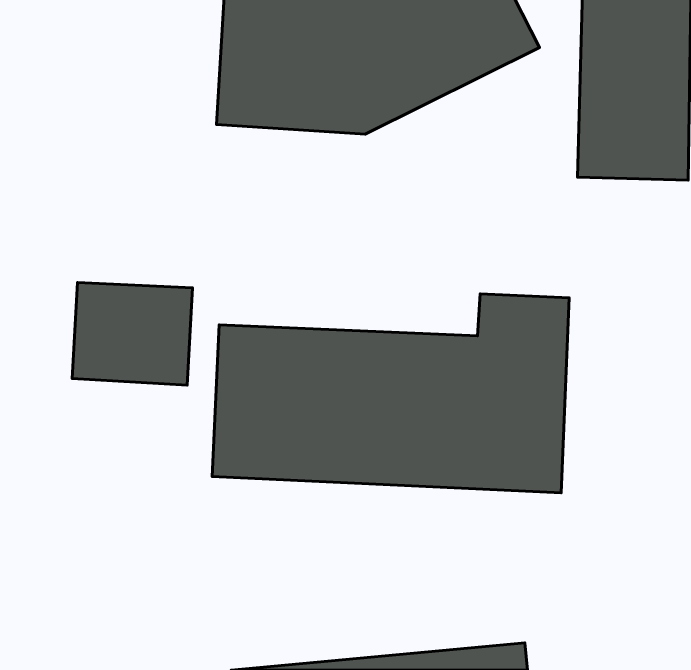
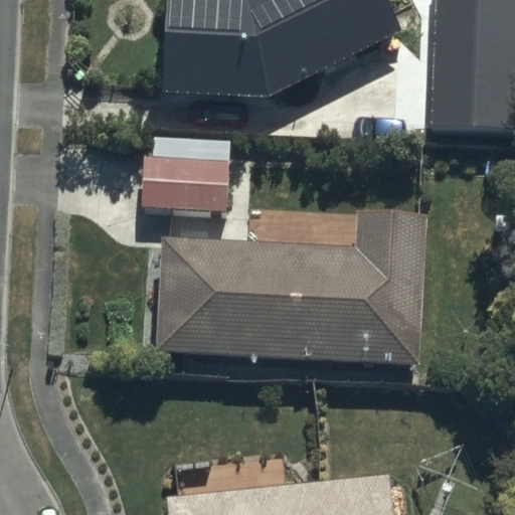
building: [72,282,193,385] -> [141,136,230,212]

